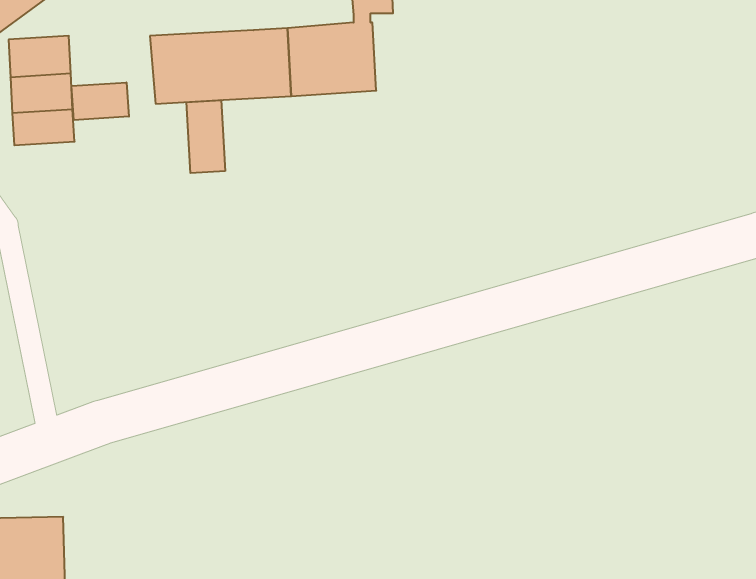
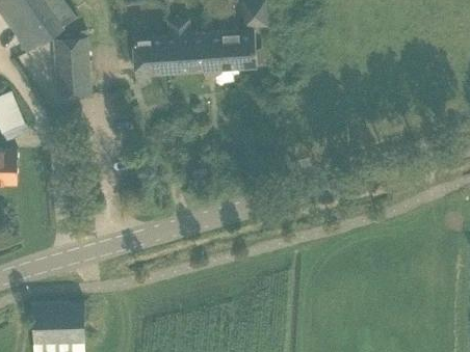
building: [71,82,129,120] -> none
building: [186,100,225,173] -> none

